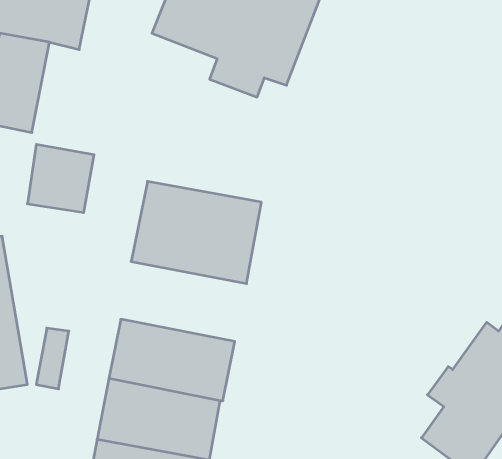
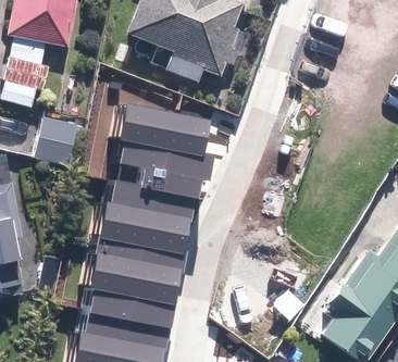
building: none -> [120,104,211,159]
building: none -> [100,202,192,261]

